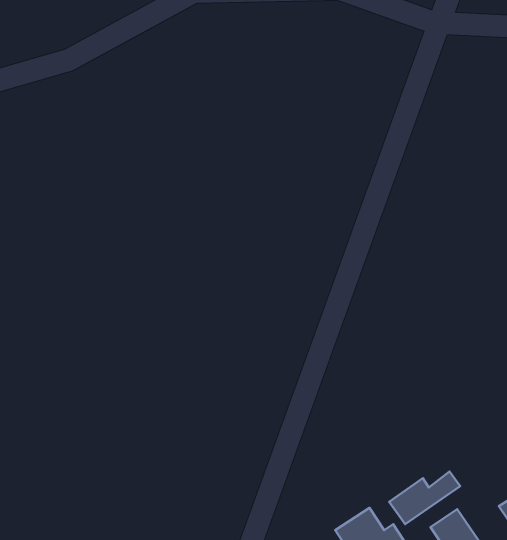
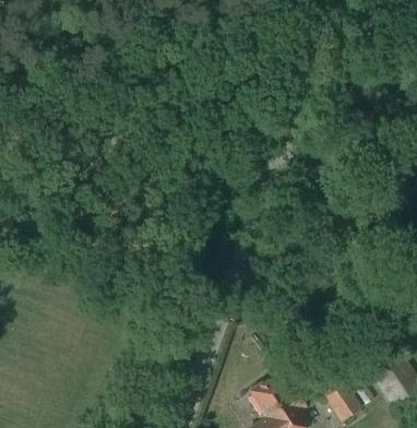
building: [389,471,460,524] -> none

